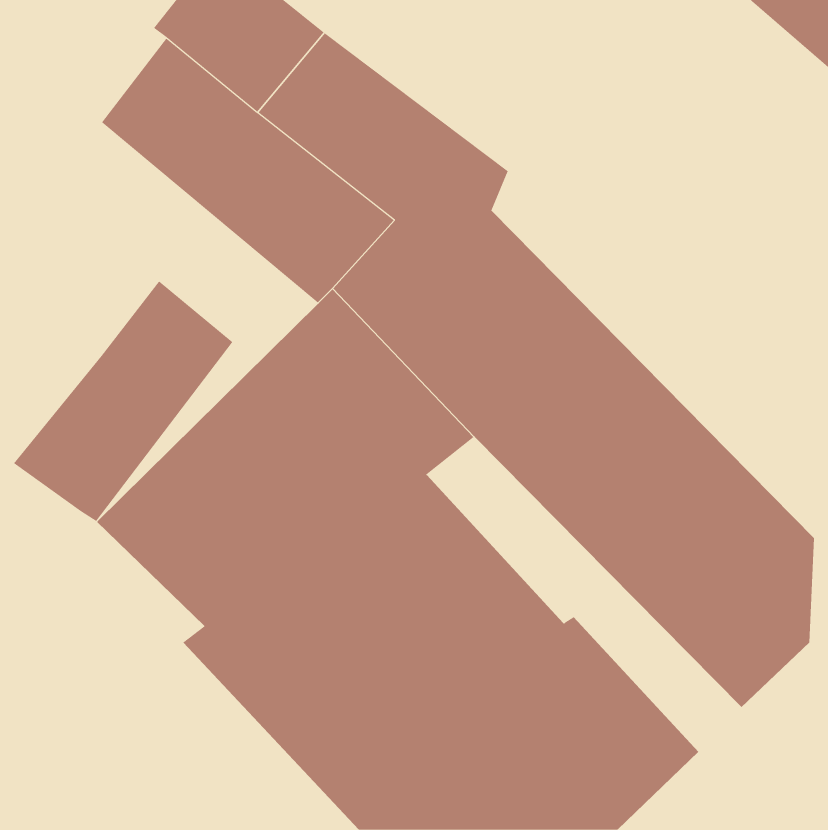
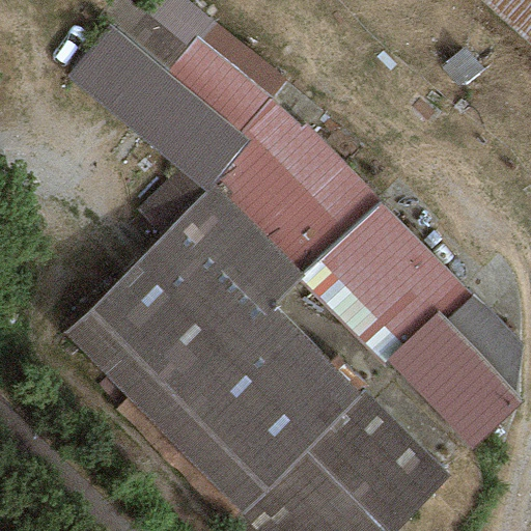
building: [13,281,233,522] -> none

